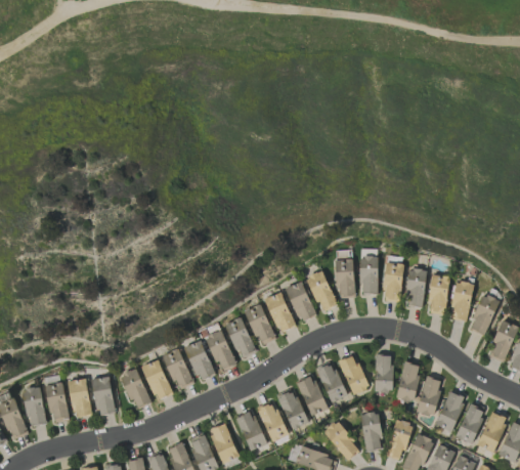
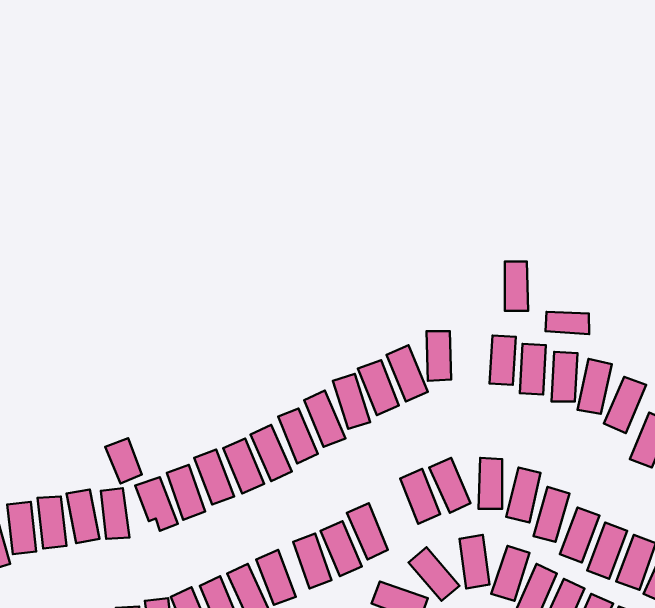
building: none -> [545,312,589,334]
building: [360,257,378,294] -> [505,261,528,311]
building: none -> [105,438,142,484]
building: [298,376,326,416] -> none

